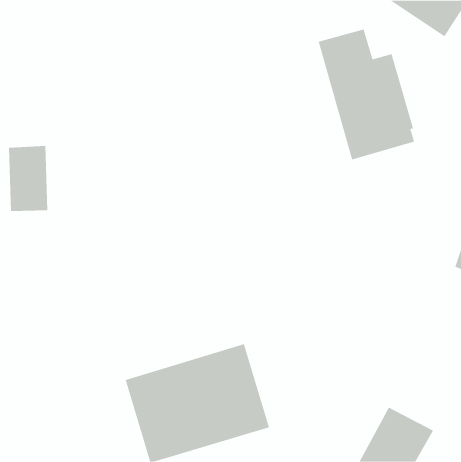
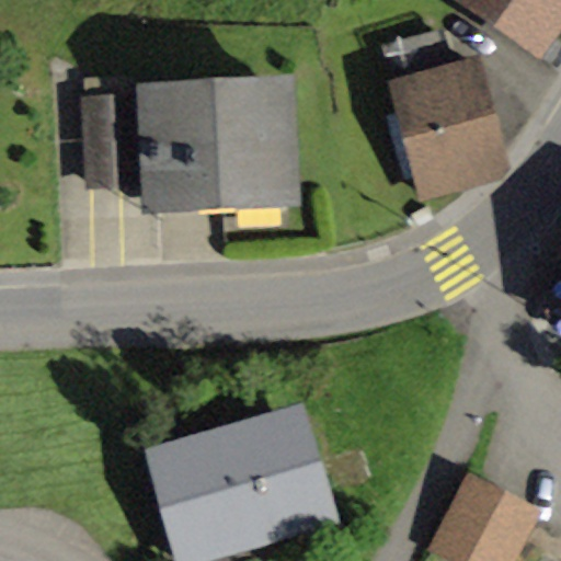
building: none -> [153,90,286,198]
building: [8,146,48,212] -> [89,103,137,183]

